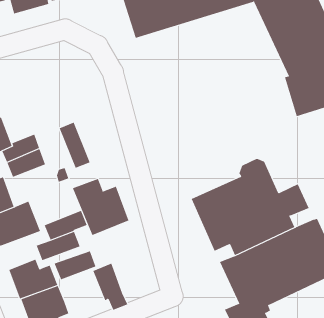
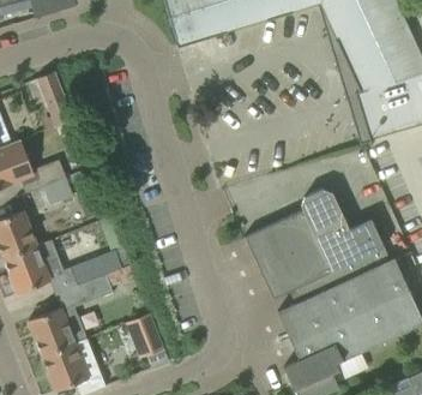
building: [59,122,90,169] -> [37,71,74,126]
building: [72,178,129,236] -> none
building: [54,250,96,280] -> none

